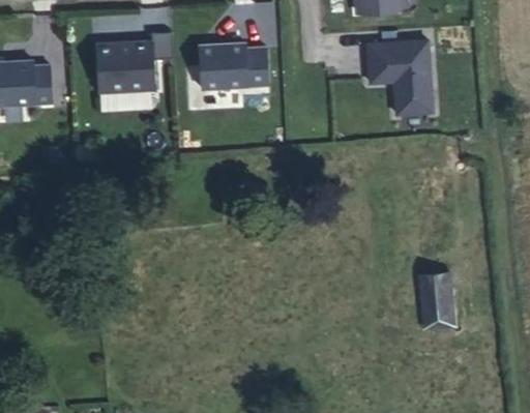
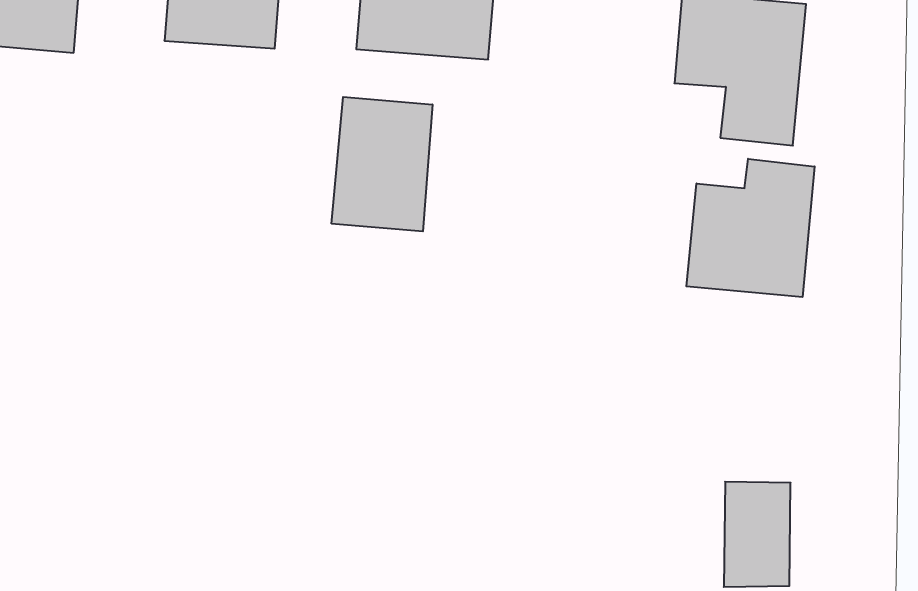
building: none -> [332,97,432,231]
building: none -> [686,159,815,297]

